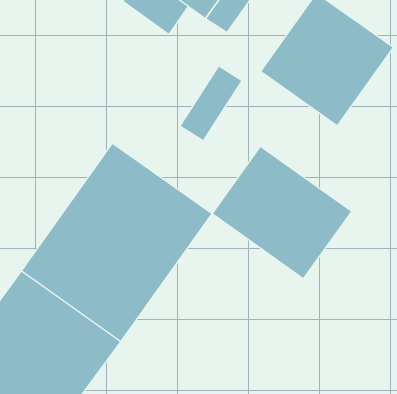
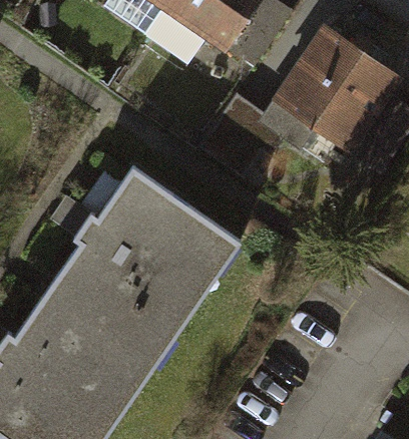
building: [212,146,352,279] -> none

